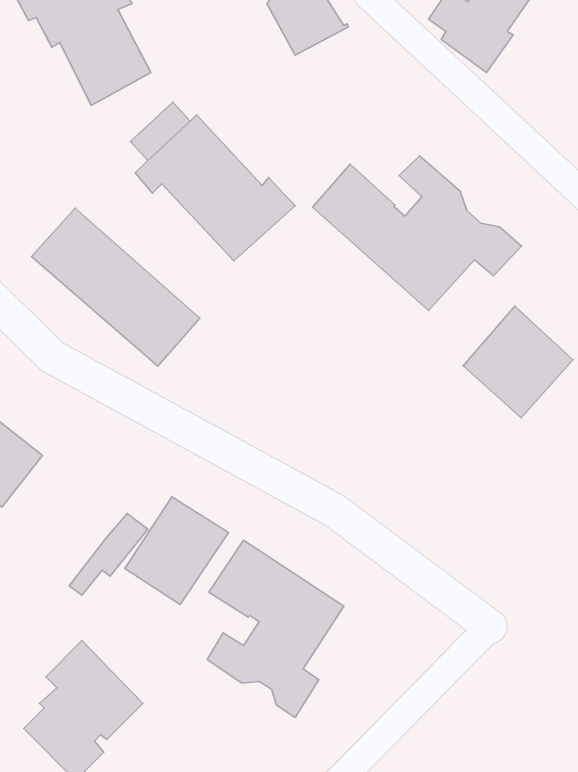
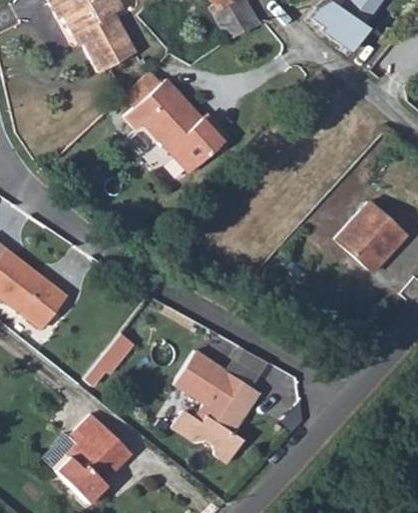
building: [313,156,521,311] -> none
building: [32,208,200,366] -> none
building: [125,497,228,605] -> none

